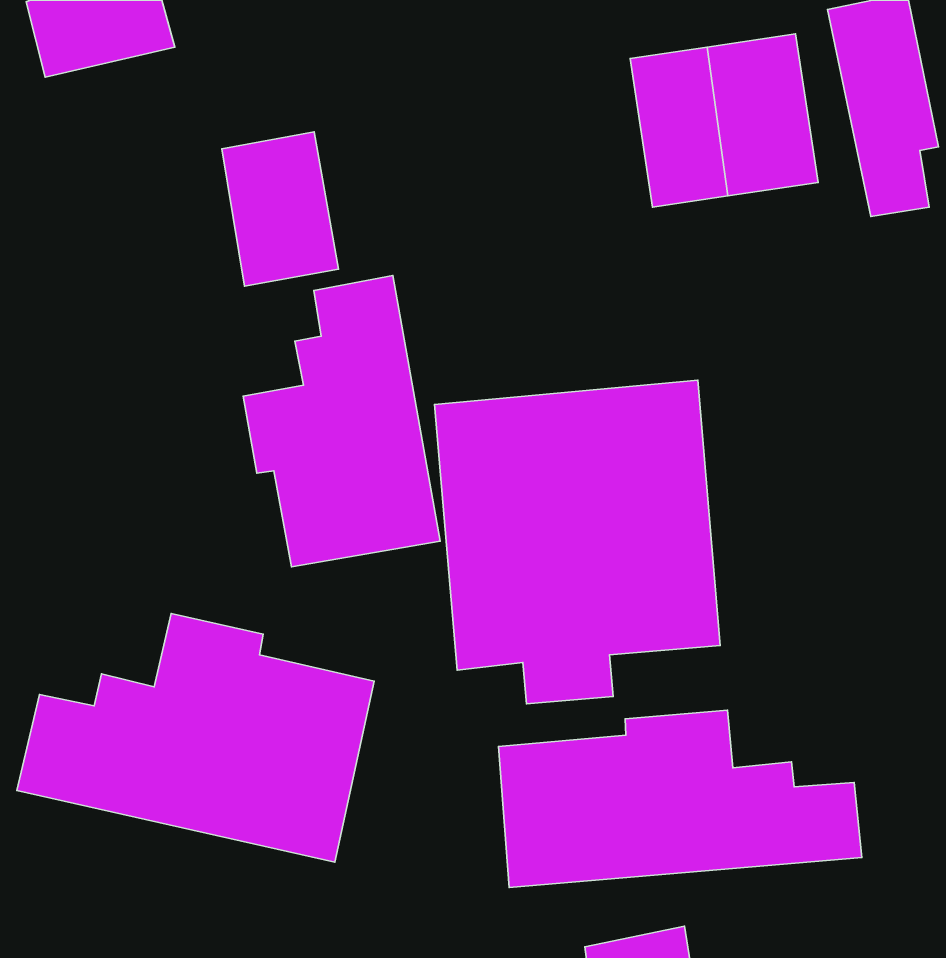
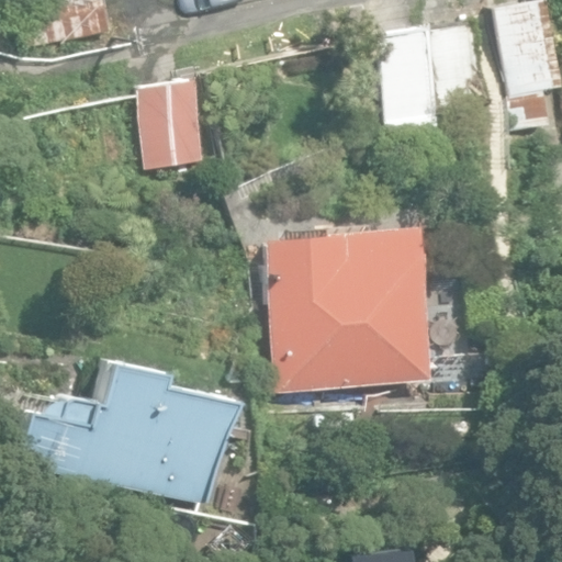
building: [243,276,440,567] -> none
building: [498,710,862,888] -> none

